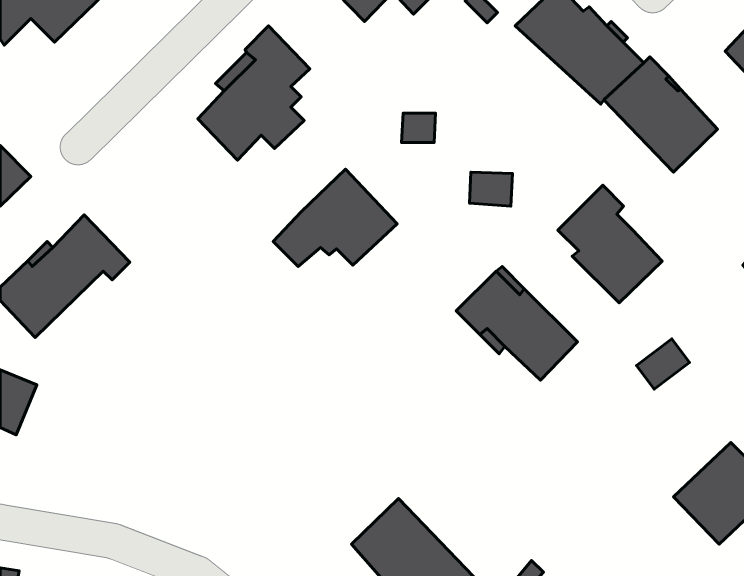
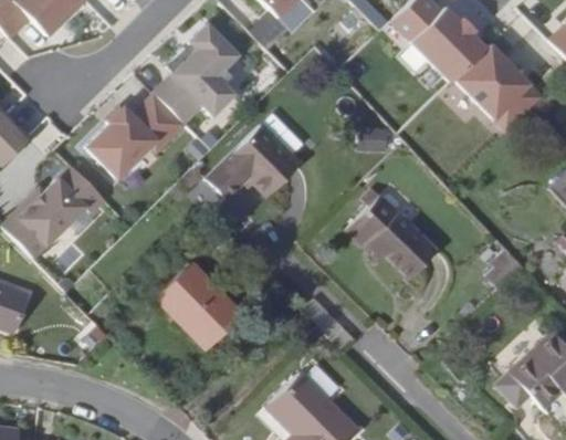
building: none -> [85,92,185,177]
building: [558,185,662,303] -> none
building: none -> [160,269,245,354]

